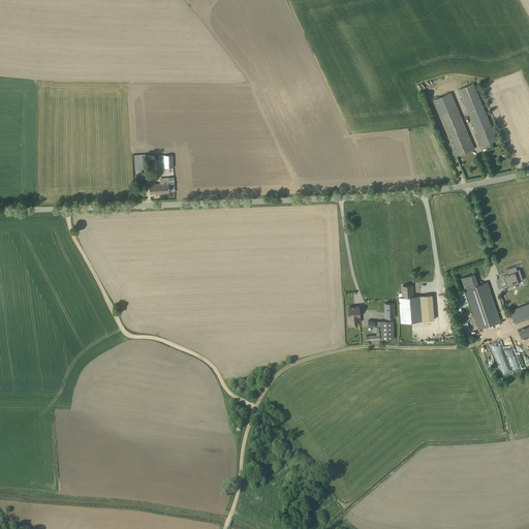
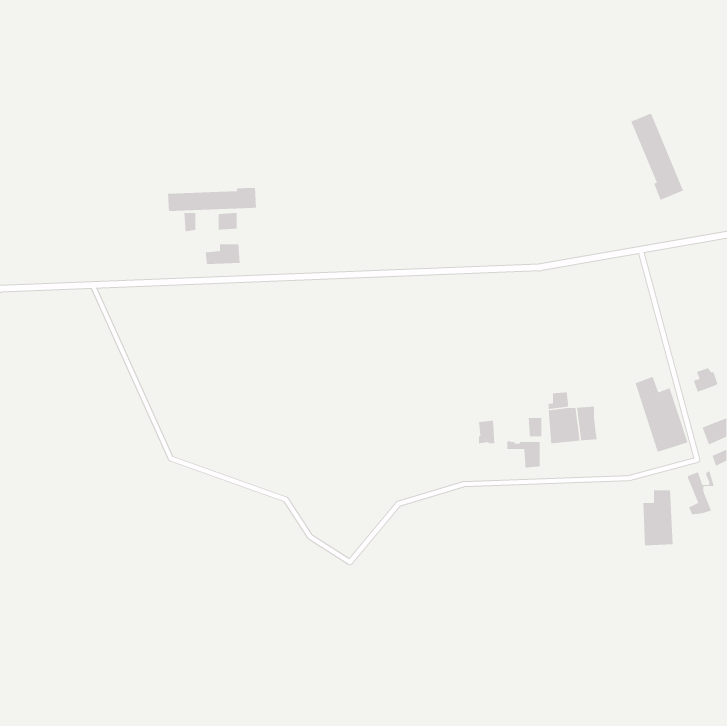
building: [432,92,474,156] -> none
building: none -> [167,187,257,212]
building: none -> [642,490,674,546]

